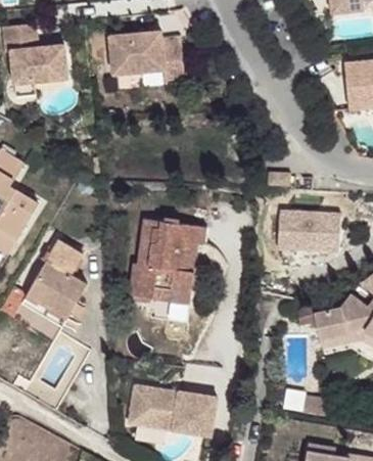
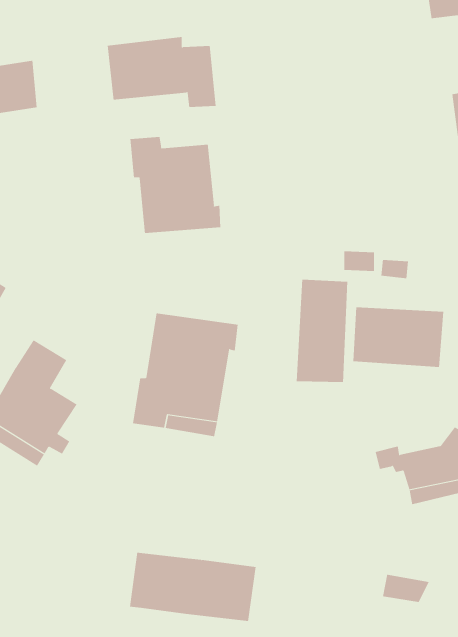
building: none -> [130,136,221,234]
building: none -> [296,279,348,383]

